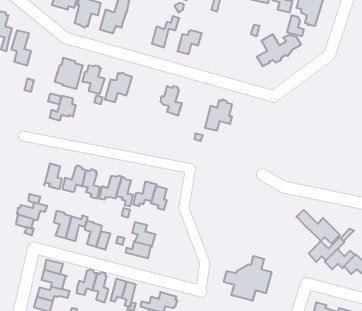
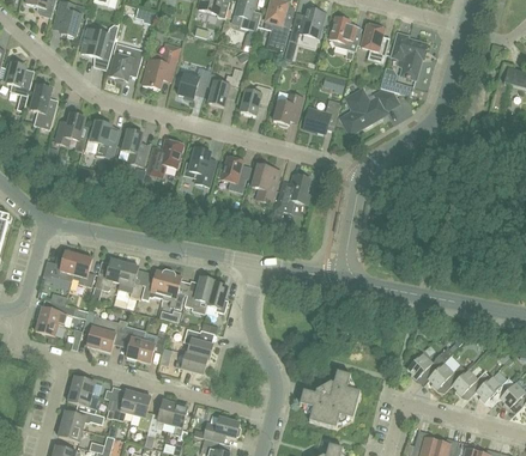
building: none -> [177,66,210,99]
building: none -> [272,92,303,124]
building: none -> [302,98,340,132]
building: none -> [182,146,216,184]
building: none -> [250,163,279,202]
building: [50,96,76,120] -> [54,113,87,144]
building: none -> [42,247,78,280]
building: [296,210,340,243] -> none

